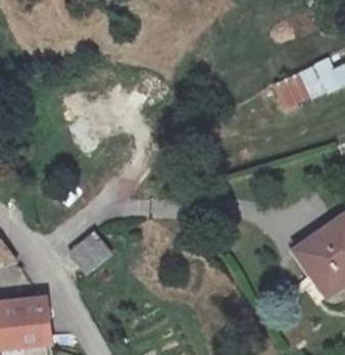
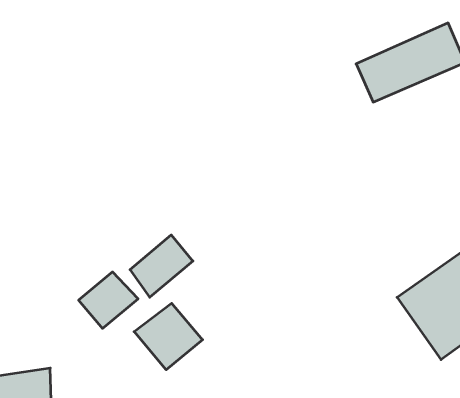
building: none -> [130,235,193,297]
building: none -> [134,303,203,370]

